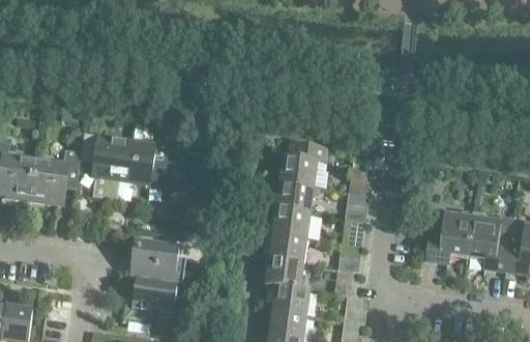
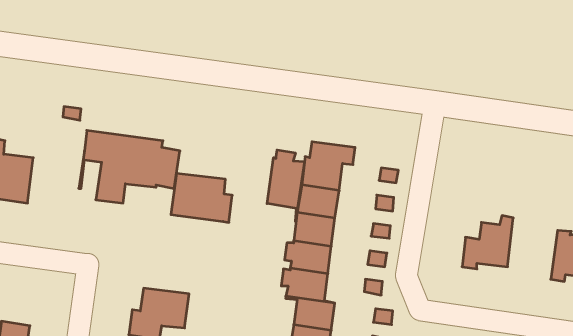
building: [30,149,82,203] -> none
building: none -> [267,150,304,221]
building: [467,212,513,268] -> none
building: [129,238,185,283] -> [171,174,232,222]

